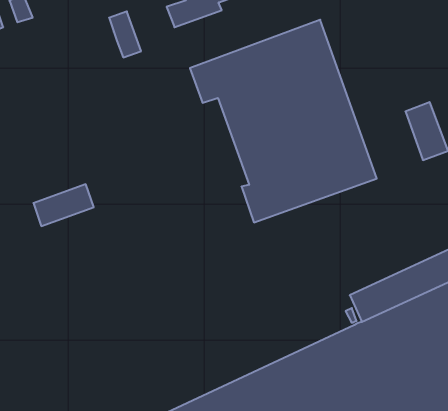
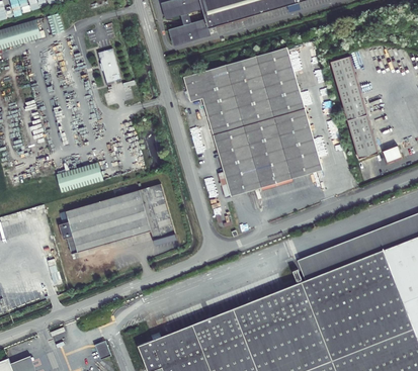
building: [109,11,141,57] -> [97,49,120,84]
building: none -> [330,56,367,120]
building: none -> [60,184,175,253]

